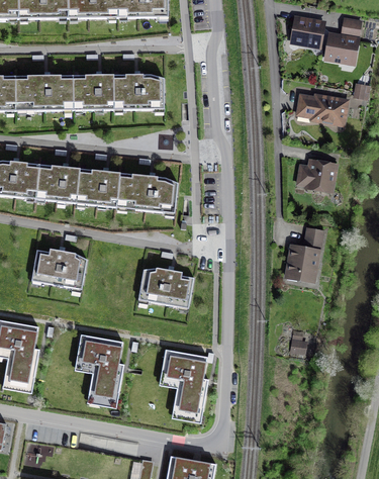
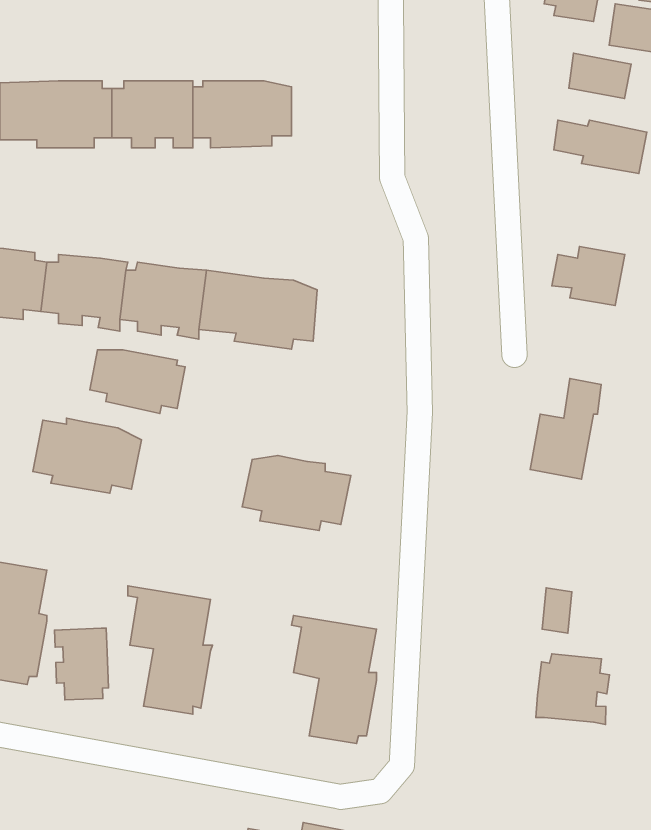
building: none -> [569,53,631,98]
building: none -> [90,350,185,413]
building: none -> [54,628,109,700]
building: none -> [536,654,610,724]

